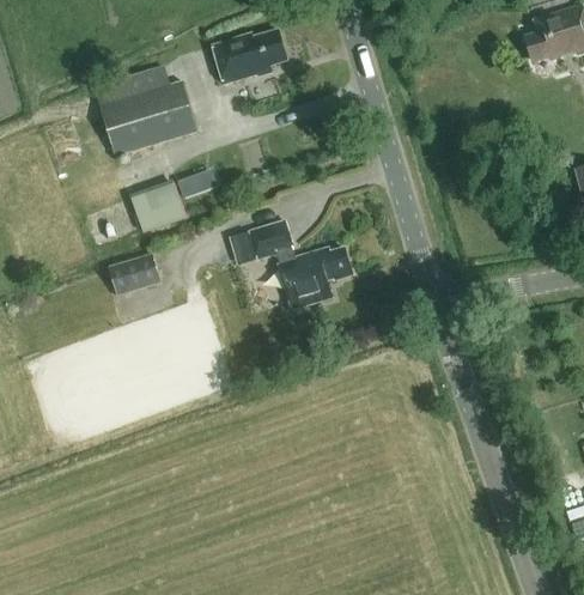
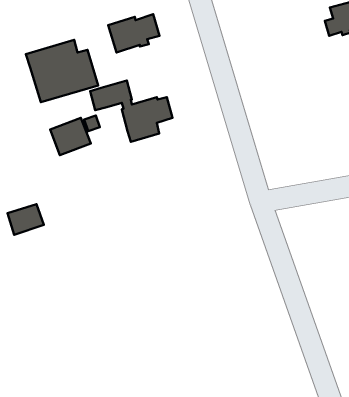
building: [232,220,351,309] -> [90,80,172,142]
building: [108,253,160,297] -> [7,204,44,235]

